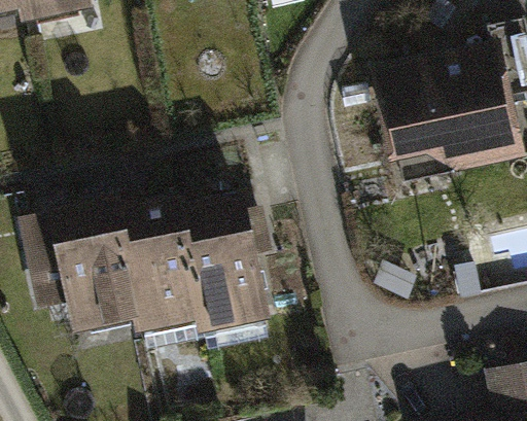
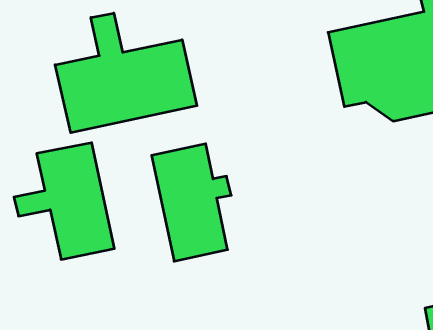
building: none -> [55,13,197,133]
building: [118,199,206,332] -> none

